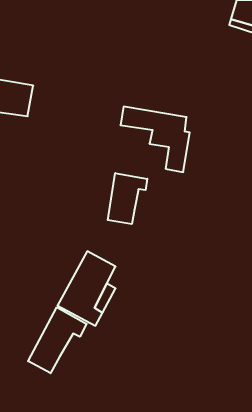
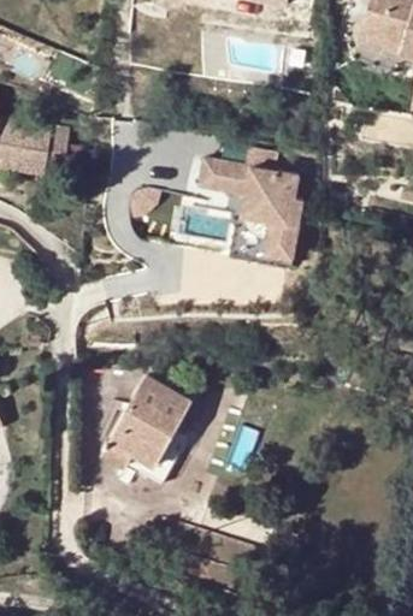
building: [108,173,147,224] -> none
building: [28,307,87,373] -> none

